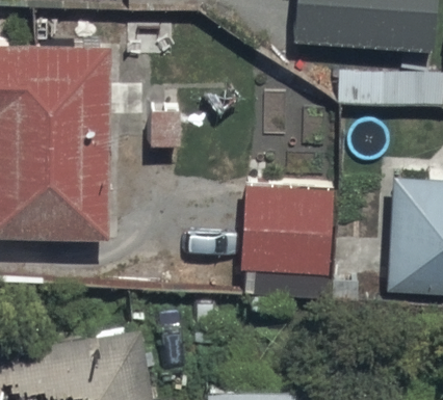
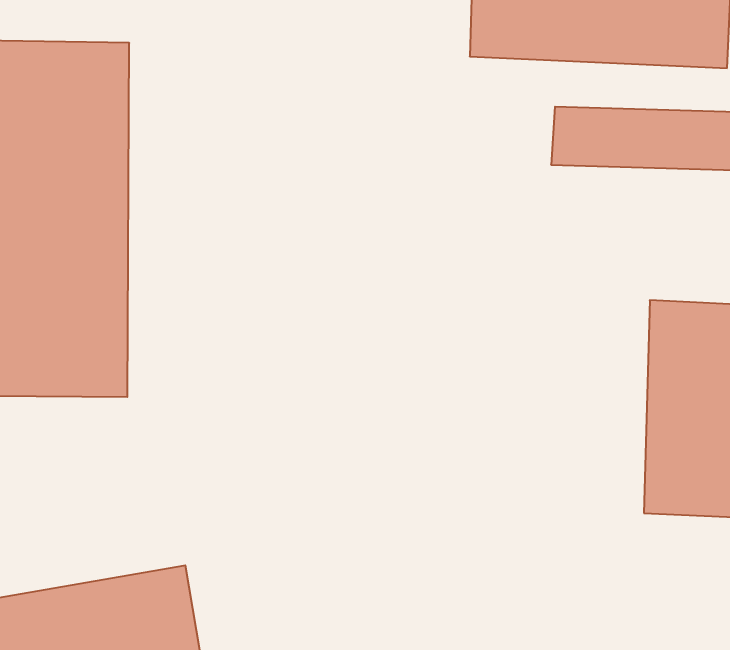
building: [242,183,336,285] -> none

